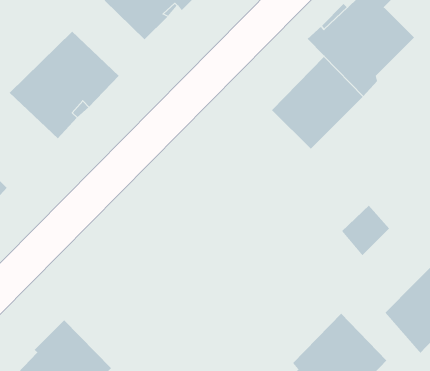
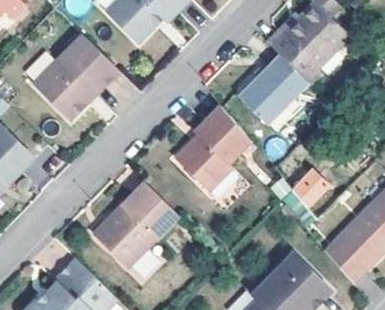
building: none -> [175,107,255,193]
building: none -> [90,182,176,269]

